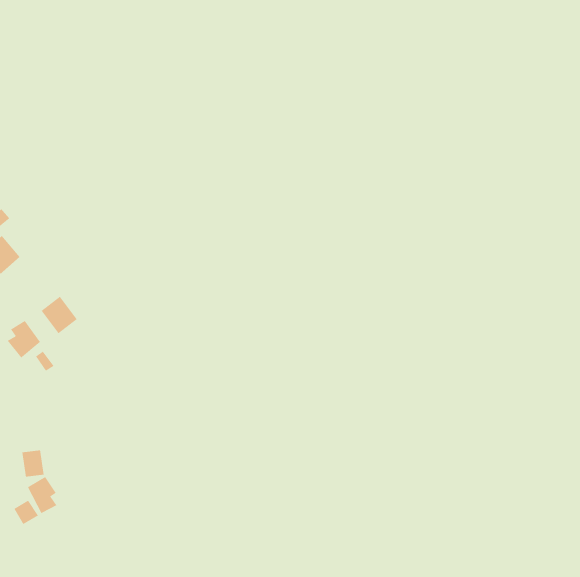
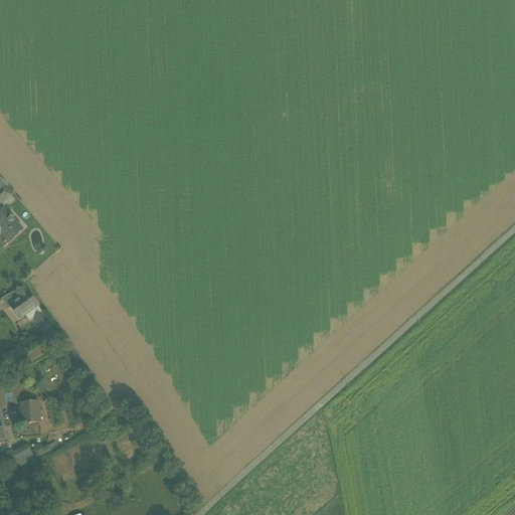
building: [41,296,78,334] -> none
building: [27,476,57,514] -> none

